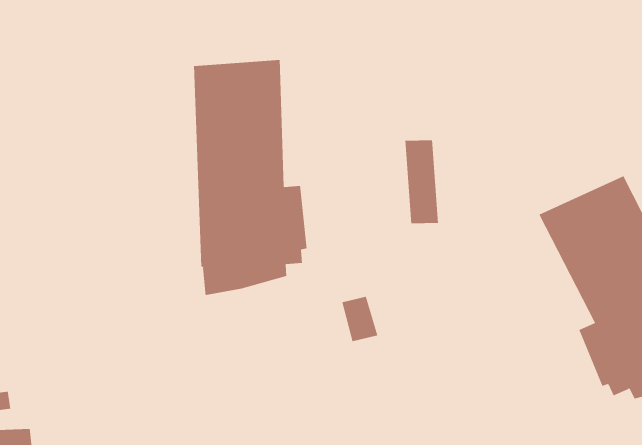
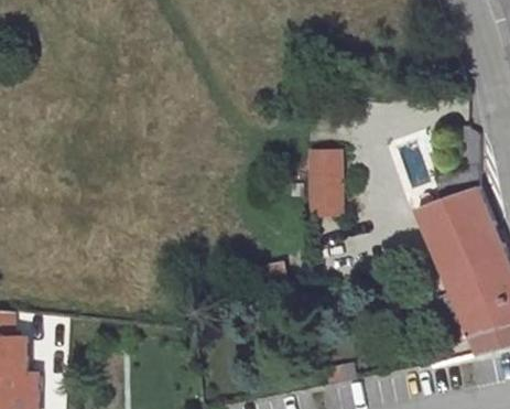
building: [193,59,307,296] -> none

